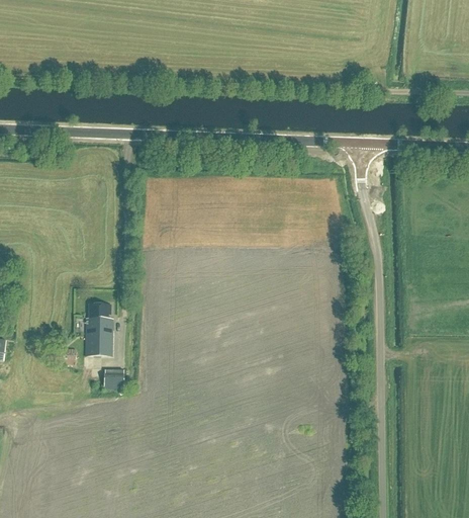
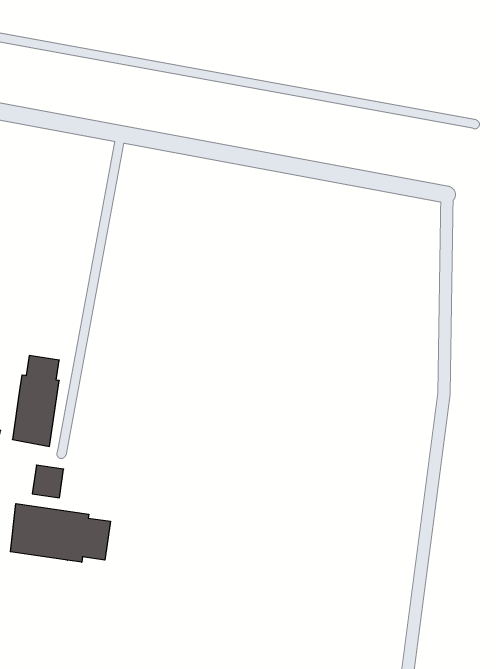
building: none -> [10,504,110,562]

